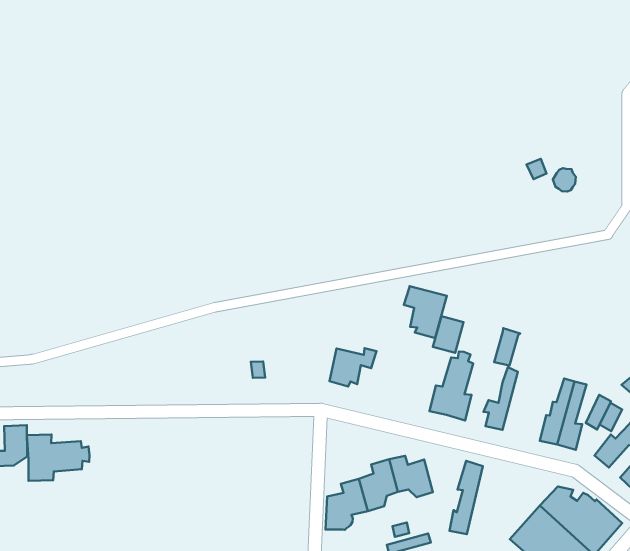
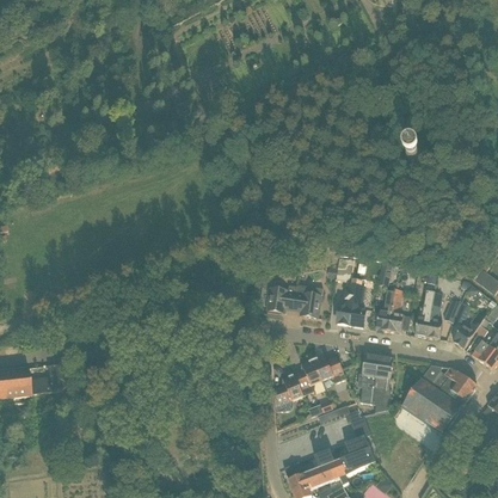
building: [404,286,447,338] -> [293,285,321,319]
building: none -> [387,290,408,333]
building: [27,435,90,481] -> none
building: none -> [370,357,391,406]

